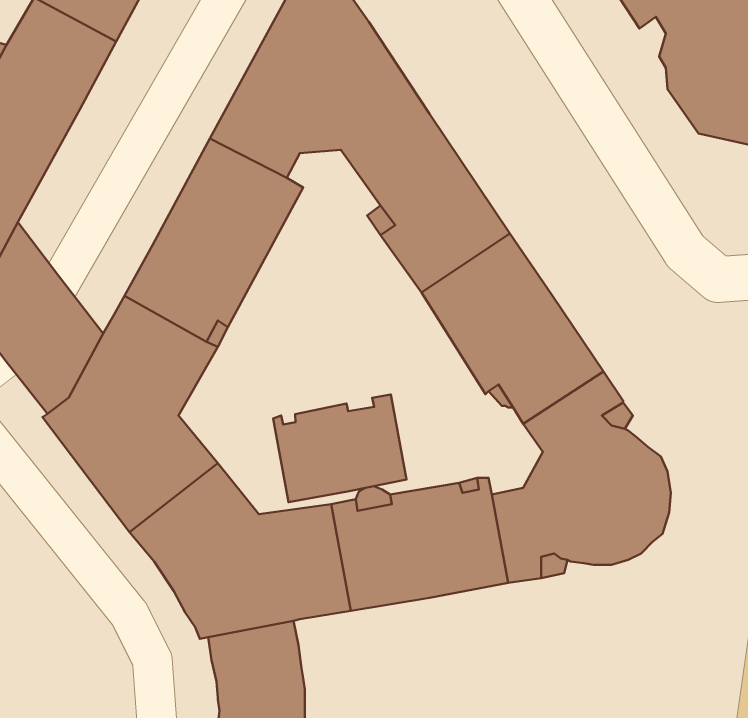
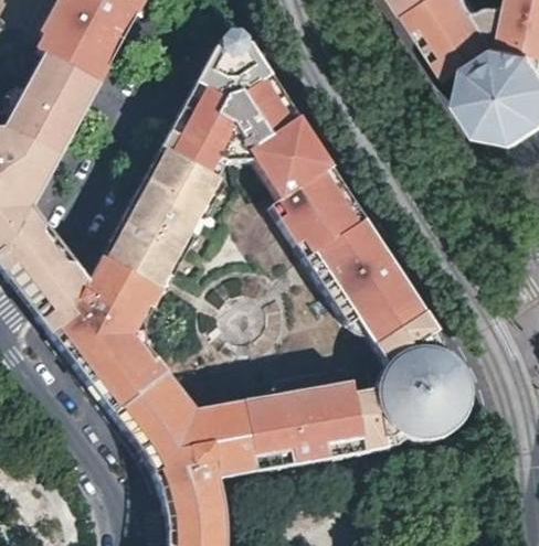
building: [273,395,406,502] -> none

